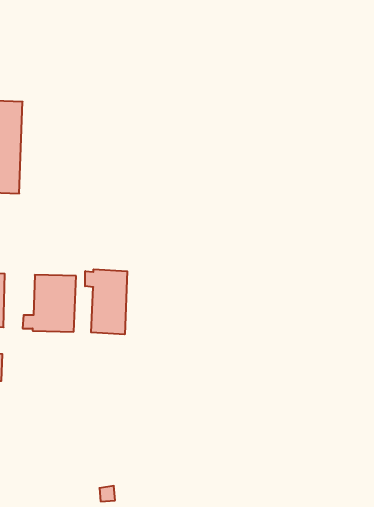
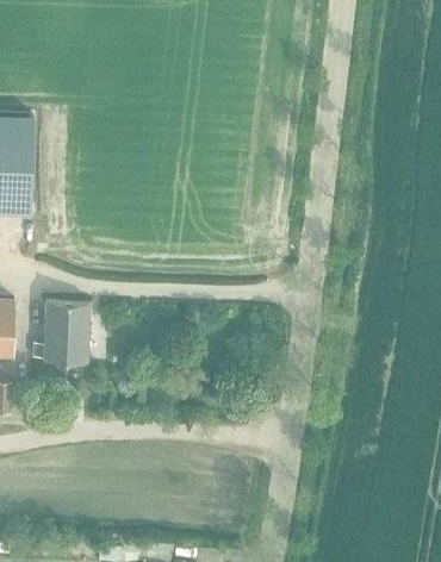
building: [85,269,127,334] -> none

